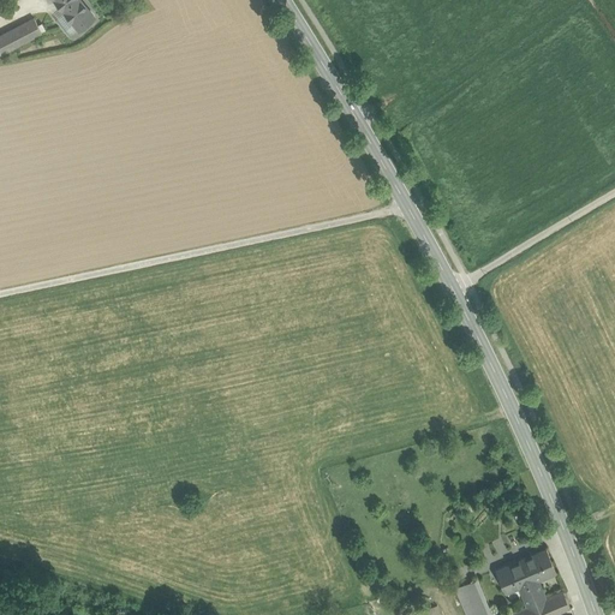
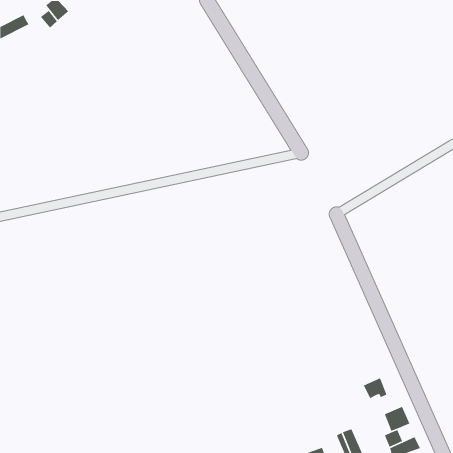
building: [495,561,529,591] -> [363,377,388,399]

